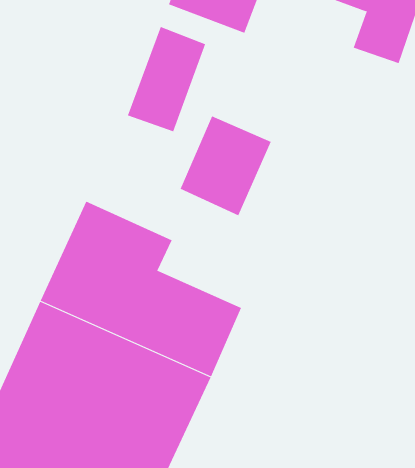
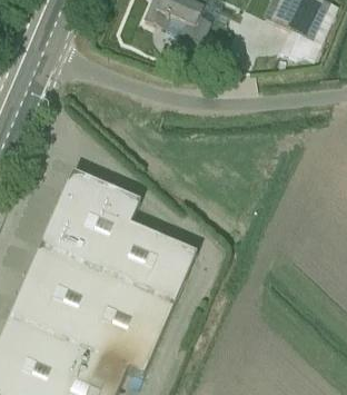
building: [127,26,206,132] -> none
building: [180,115,272,216] -> none

